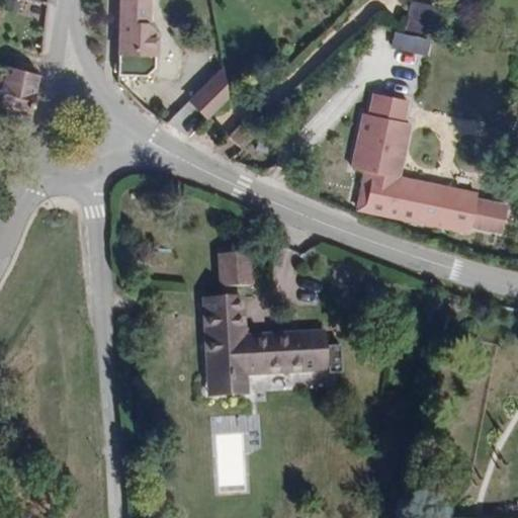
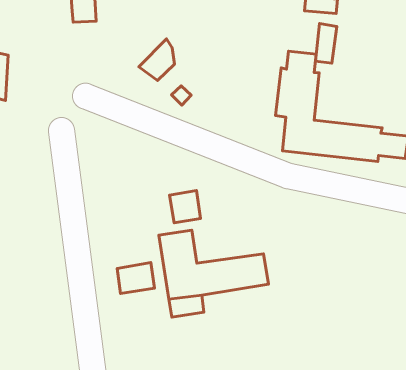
building: [118,39,148,75] -> none
building: none -> [315,24,337,63]
building: none -> [117,263,155,293]

